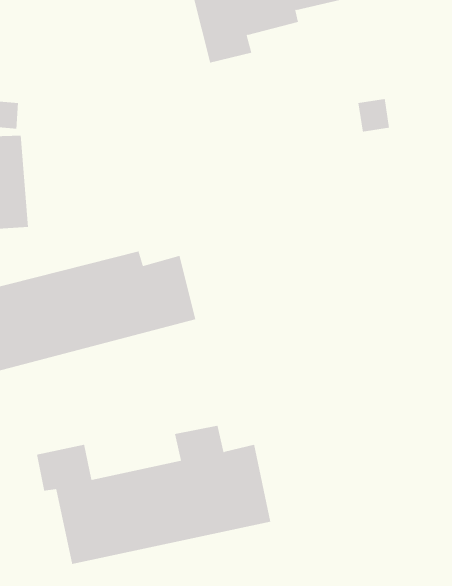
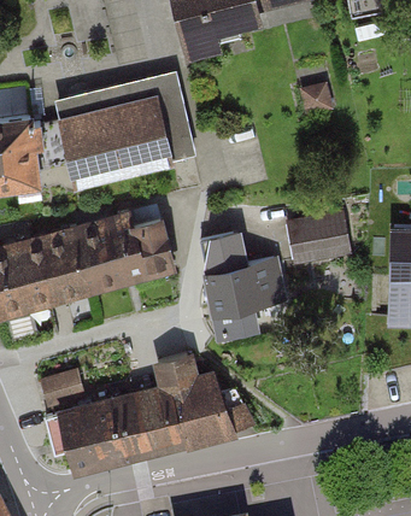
building: none -> [55,72,195,182]
building: none -> [287,211,351,269]
building: none -> [201,238,283,339]

